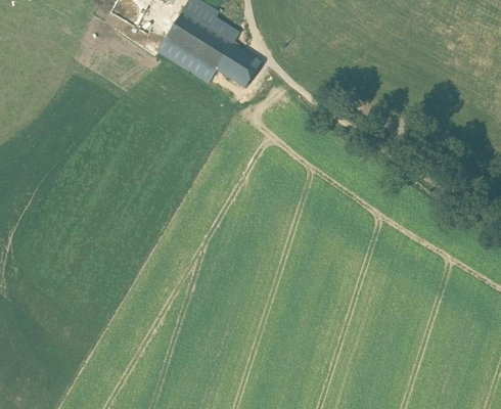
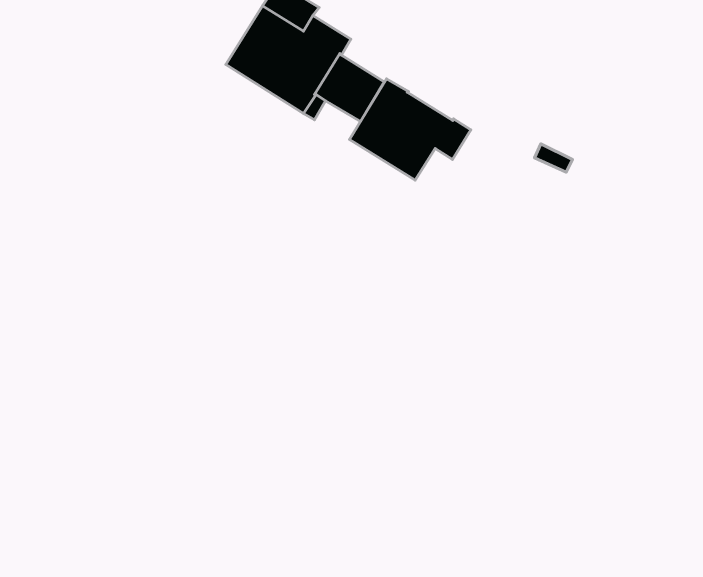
building: none -> [350,79,471,180]

